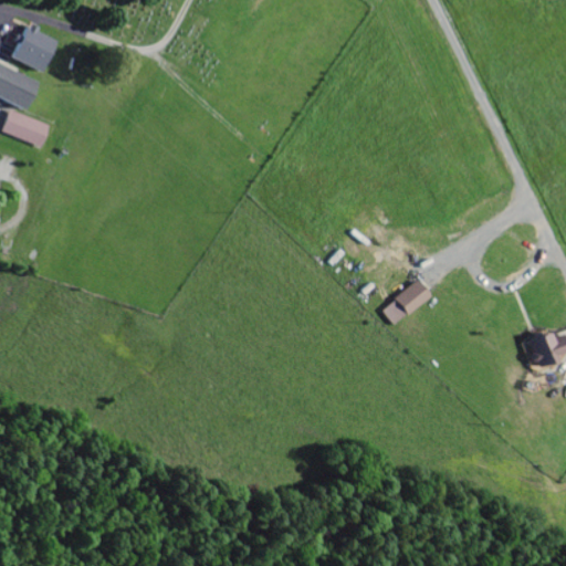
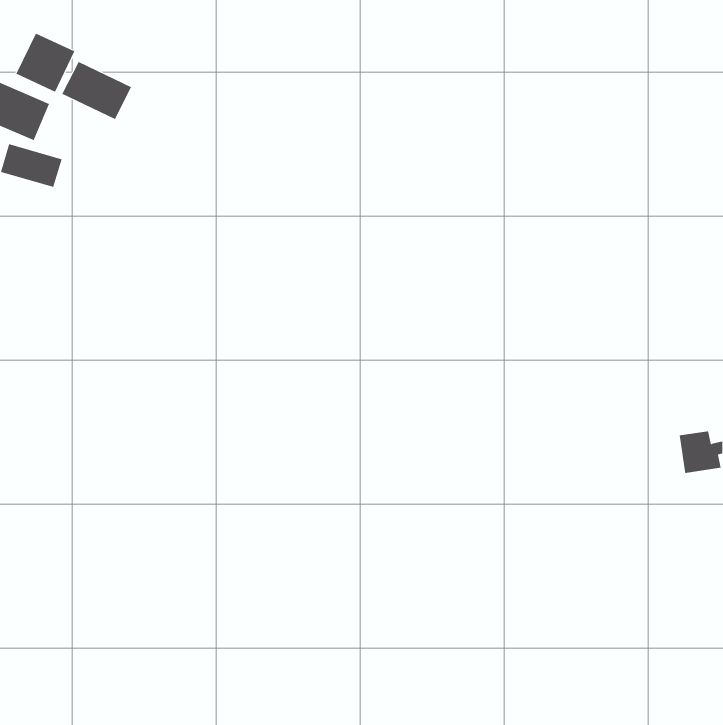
building: none -> [62,61,132,120]
building: [380,280,431,326] -> none

